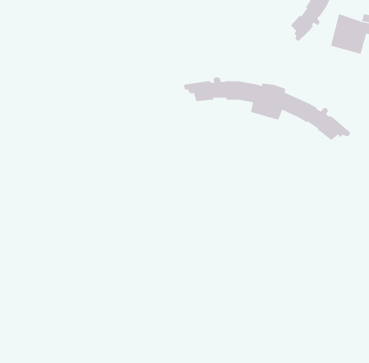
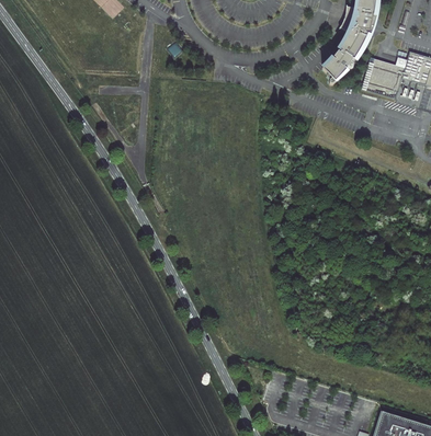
building: [183,76,350,141] -> none

